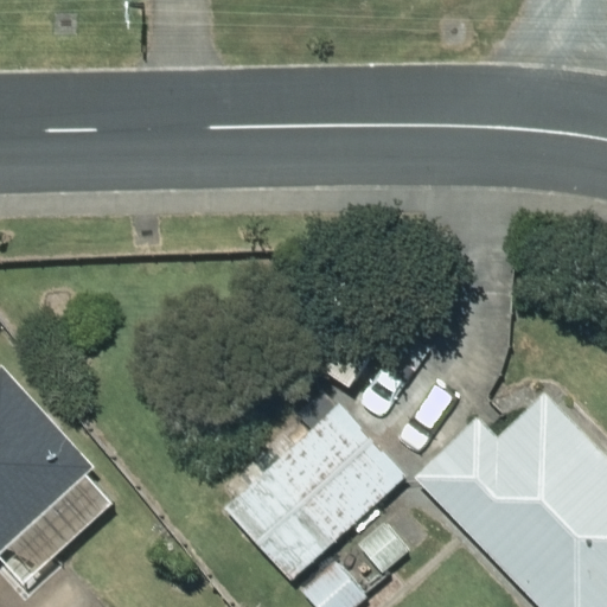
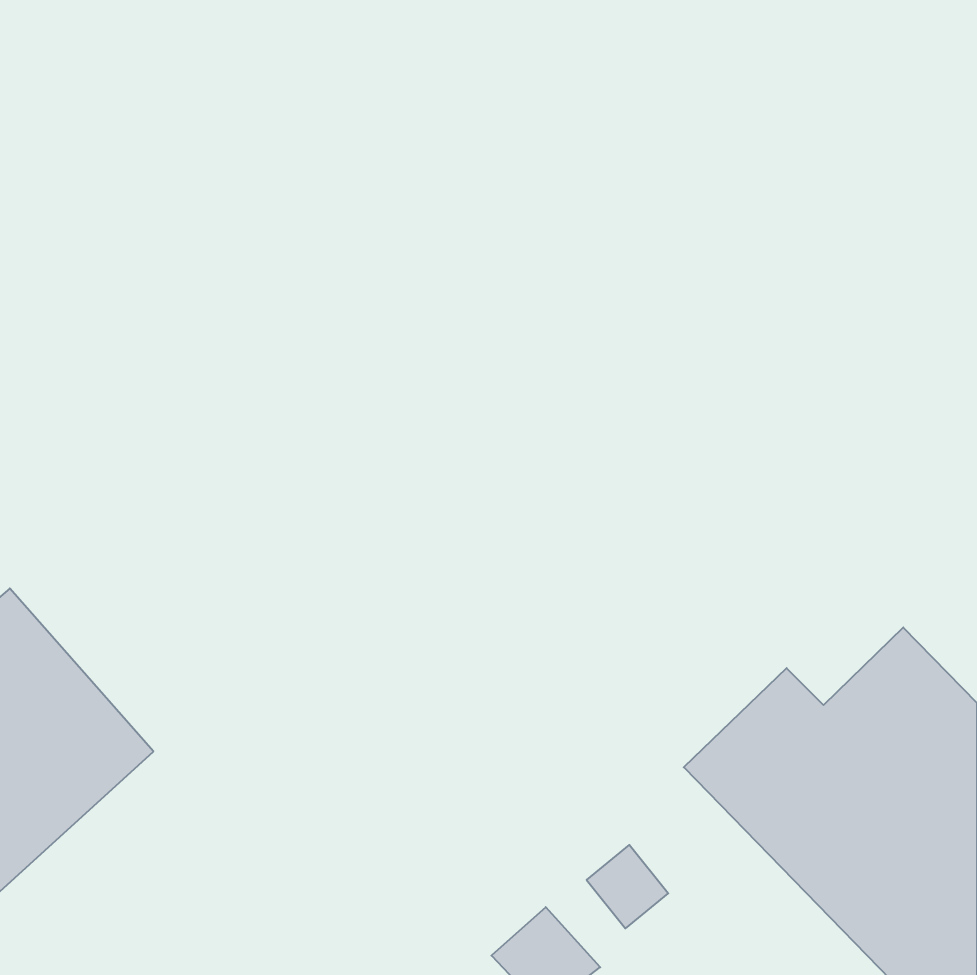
building: [222,404,405,584] -> none

